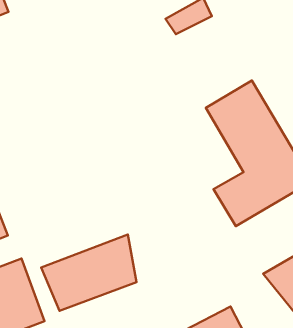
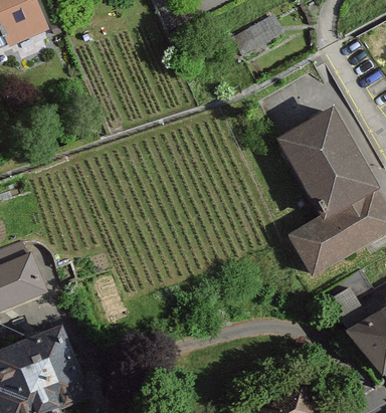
building: [41,235,137,311] -> none

